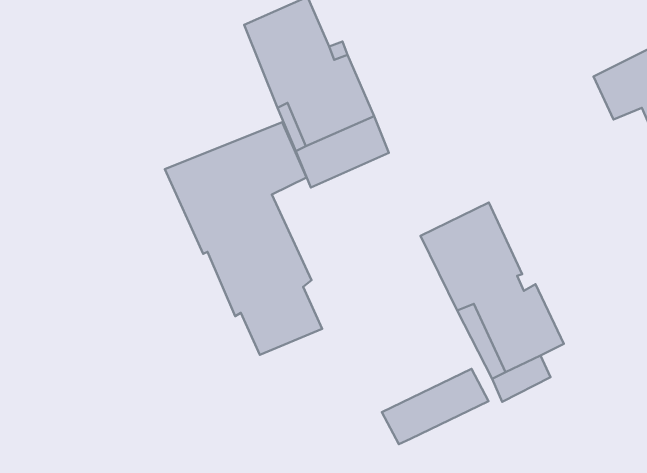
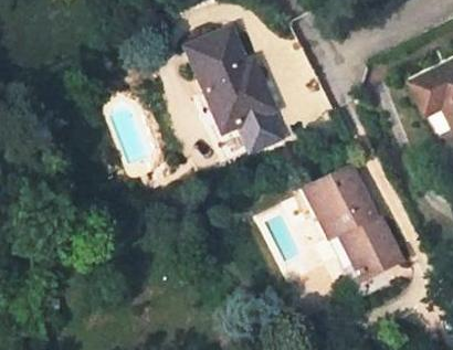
building: [165,122,322,355] -> none
building: [382,369,488,444] -> none

